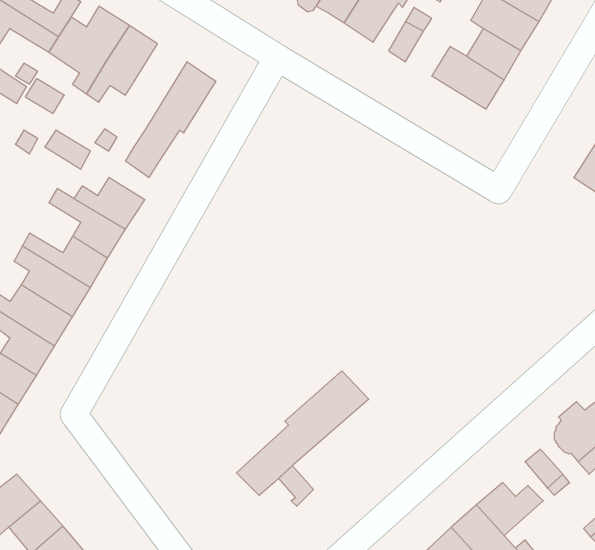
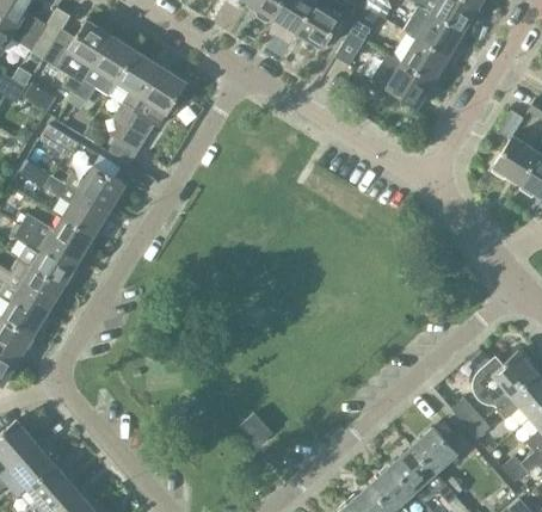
building: none -> [112,51,161,125]
building: [236,371,369,495] -> none

